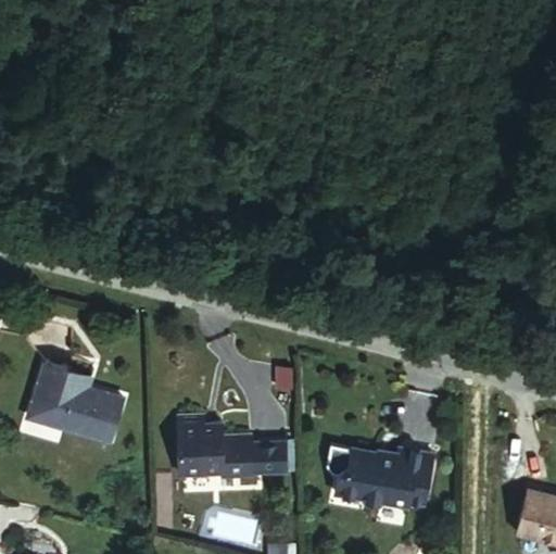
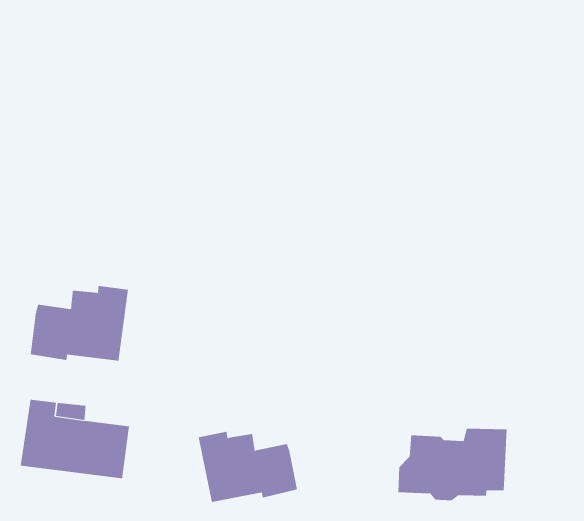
building: none -> [30,285,128,361]
building: [252,440,290,474] -> none

